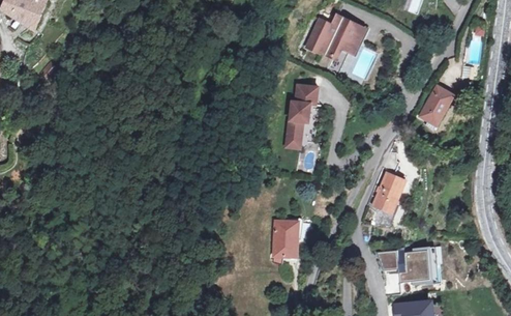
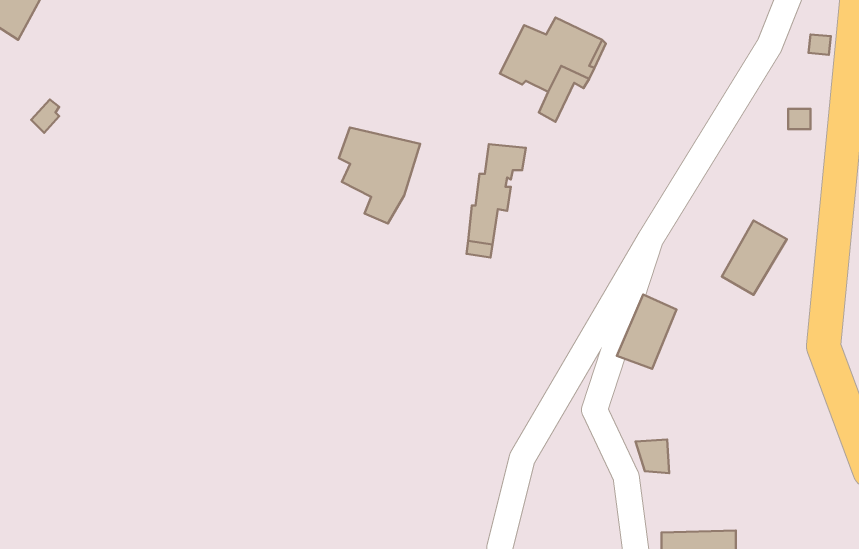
building: none -> [339,127,420,223]
building: [416,84,452,125] -> [722,221,787,295]
building: [270,221,297,258] -> none
building: [401,252,433,283] -> none

